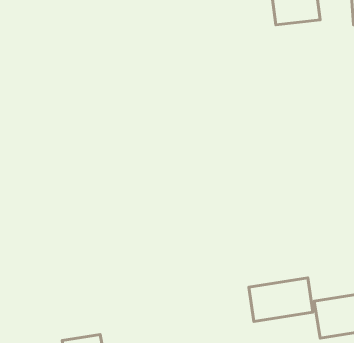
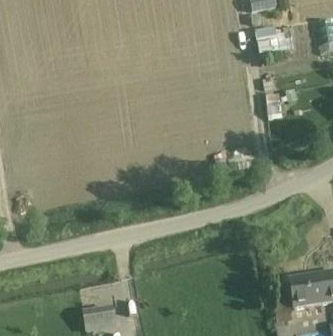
building: [249,278,313,322] -> none

